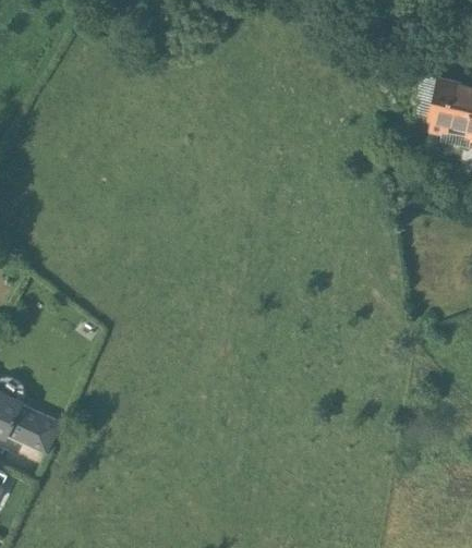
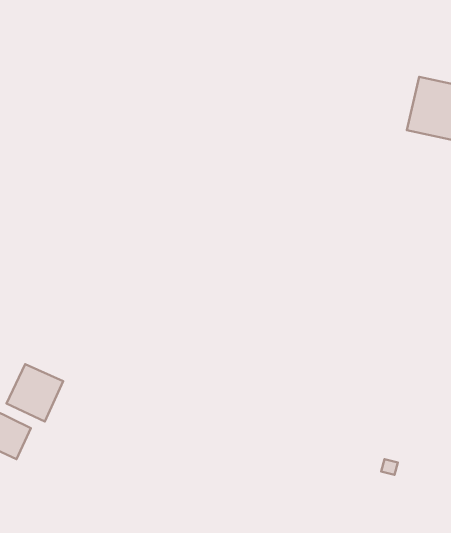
building: none -> [6,364,63,422]

